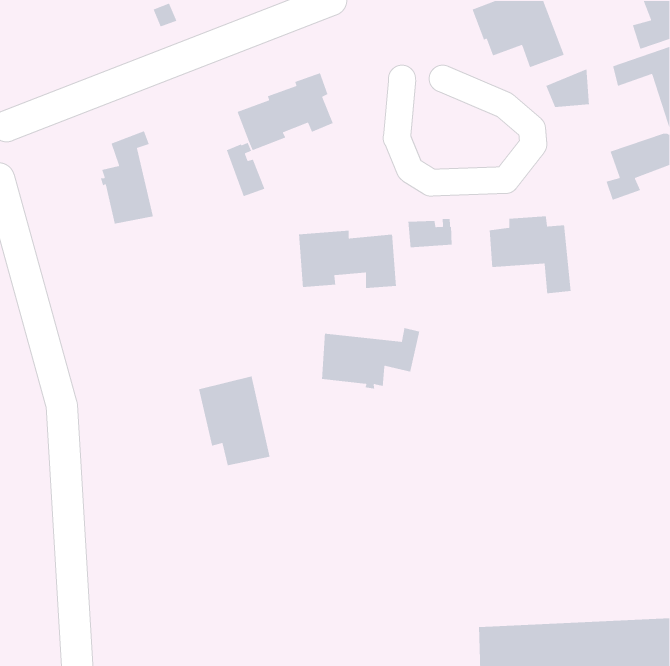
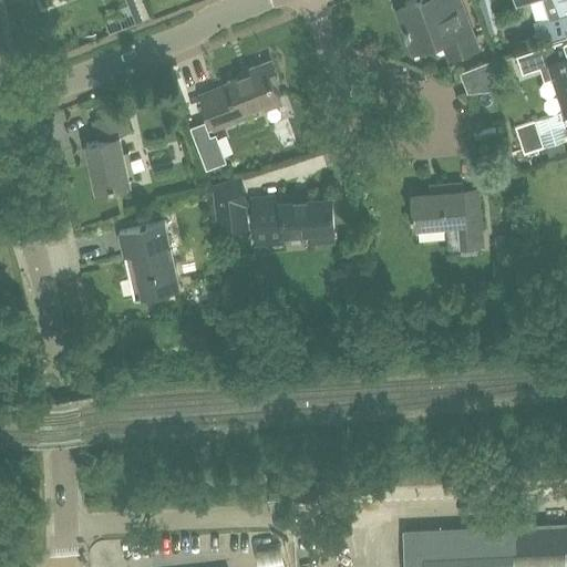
building: none -> [215,179,248,234]
building: [408,218,453,248] -> none
building: [321,327,420,389] -> none
building: [198,376,271,466] -> [118,223,179,299]

